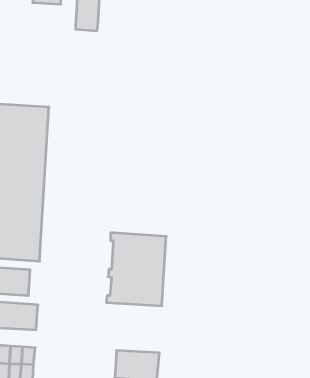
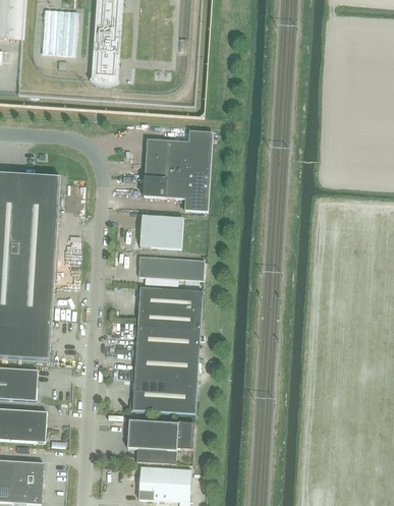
building: none -> [143,129,212,211]
building: none -> [138,215,182,247]
building: none -> [137,256,205,280]
building: none -> [135,286,202,330]
building: none -> [127,419,194,462]

